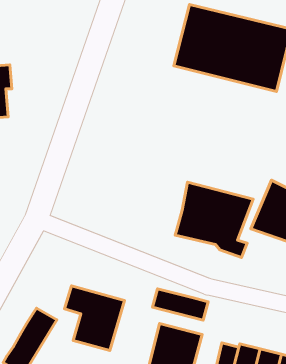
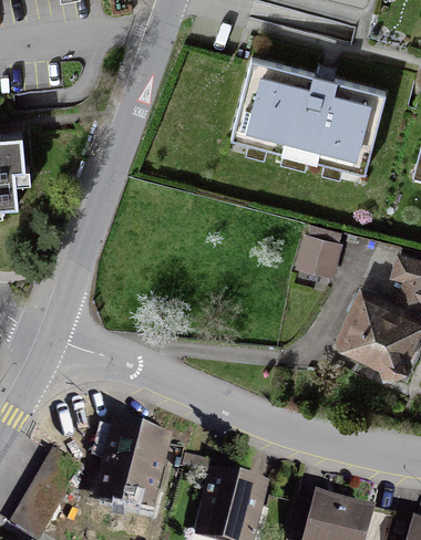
building: none -> [296,236,342,280]
building: [175,182,253,257] -> none
building: [153,289,208,320] -> none

